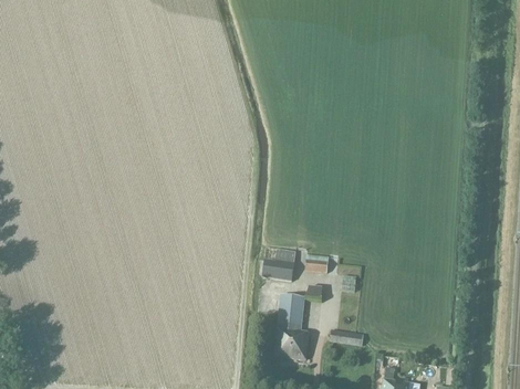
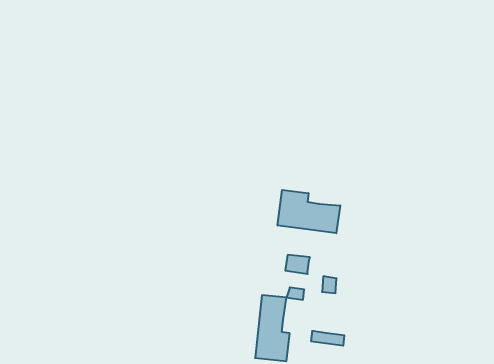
building: none -> [277,190,340,233]
building: [264,250,300,281] -> none

